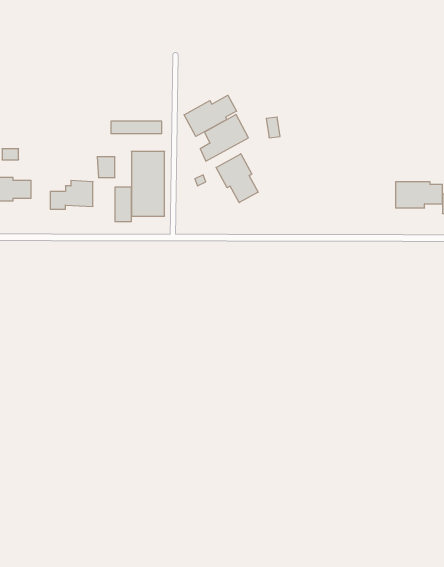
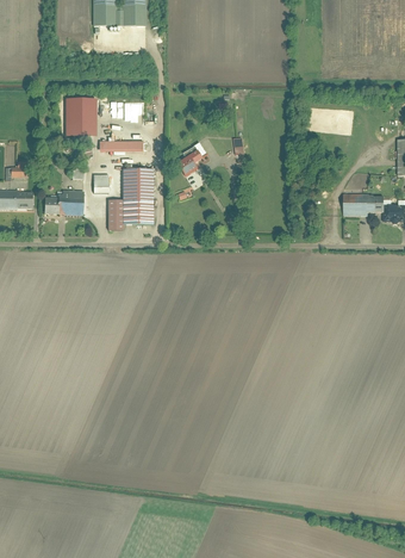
building: none -> [66,99,99,135]
building: [184,95,237,136] -> none
building: [216,154,258,203] -> none

